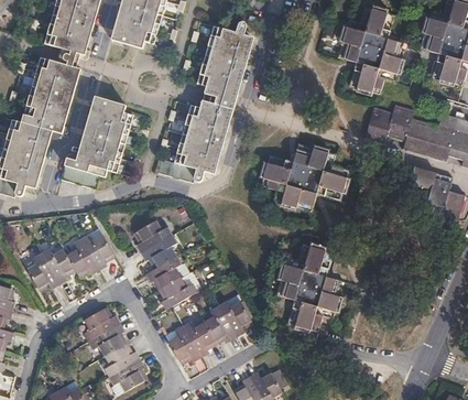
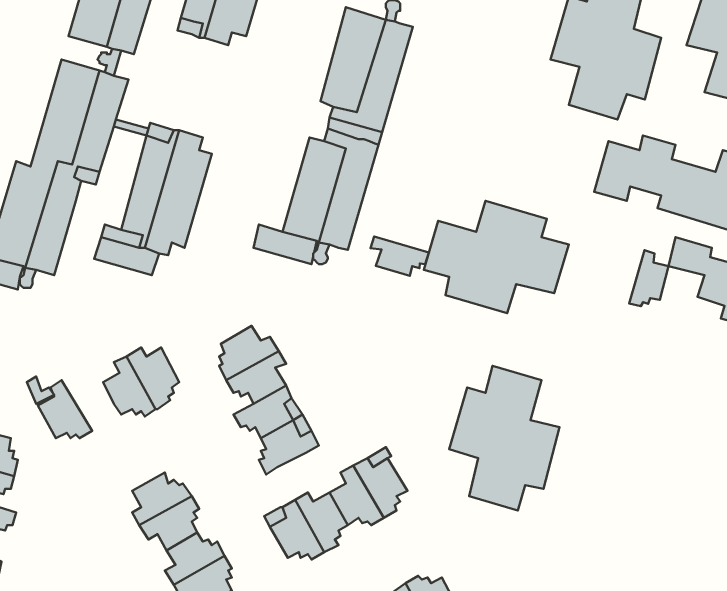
building: none -> [371,236,429,276]
building: none -> [629,250,668,306]
building: [40,247,72,283] -> none

